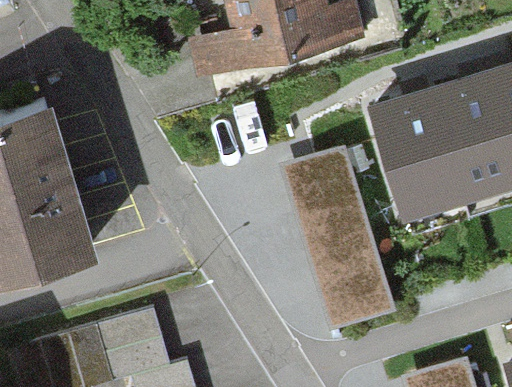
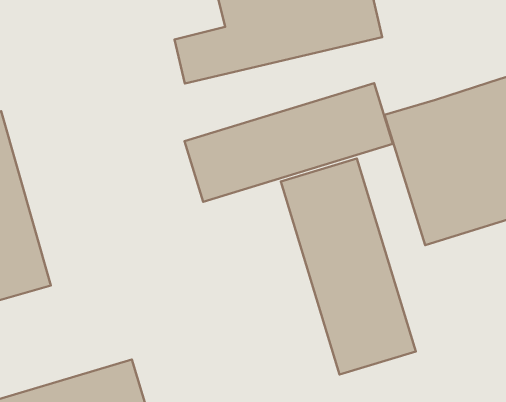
building: none -> [184,83,393,202]

